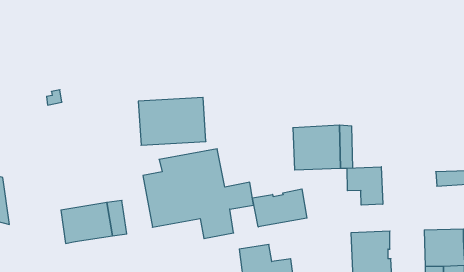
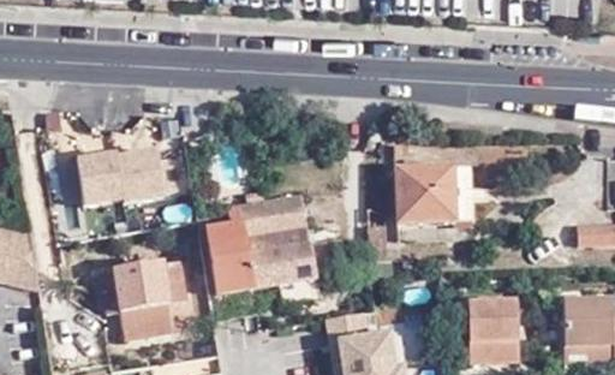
building: [138,97,206,145] -> [77,141,162,201]
building: [347,167,383,205] -> none
building: [252,189,307,227] -> none
building: none -> [119,308,169,340]

